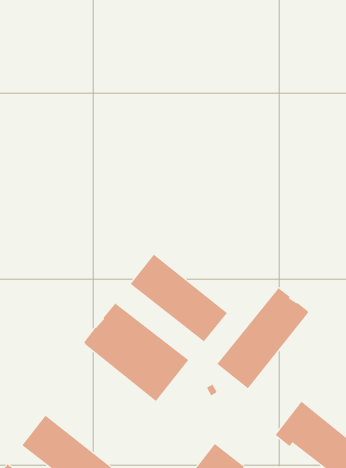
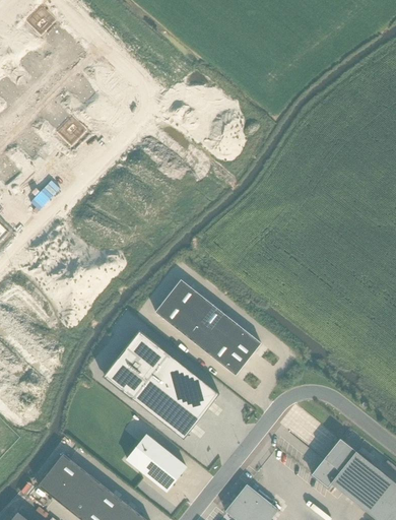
building: [216,288,309,389] -> none
building: none -> [126,434,186,490]

